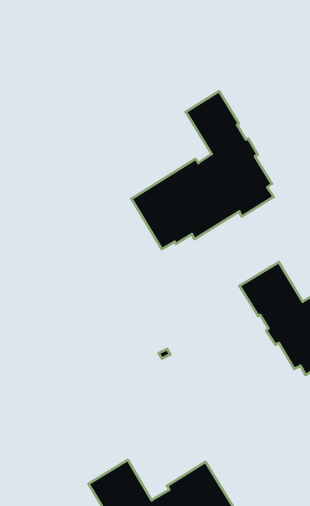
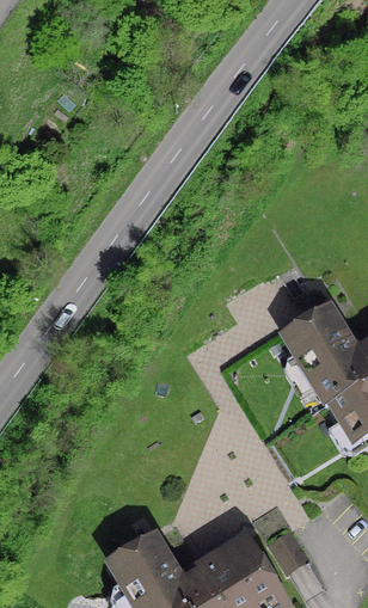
building: [131,91,274,249] -> none

